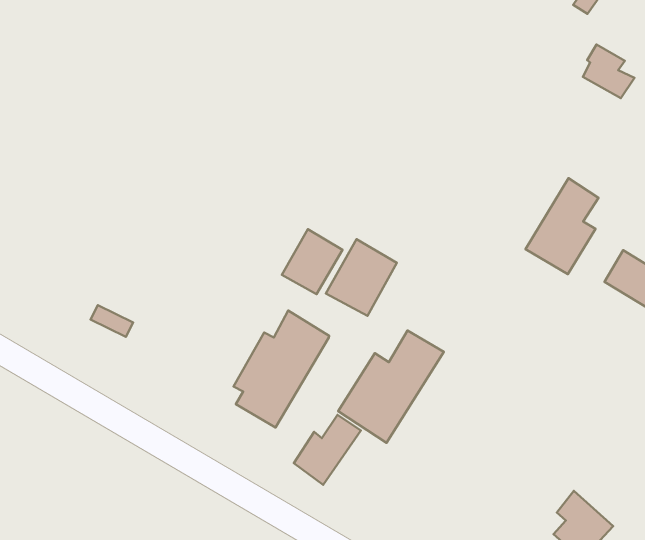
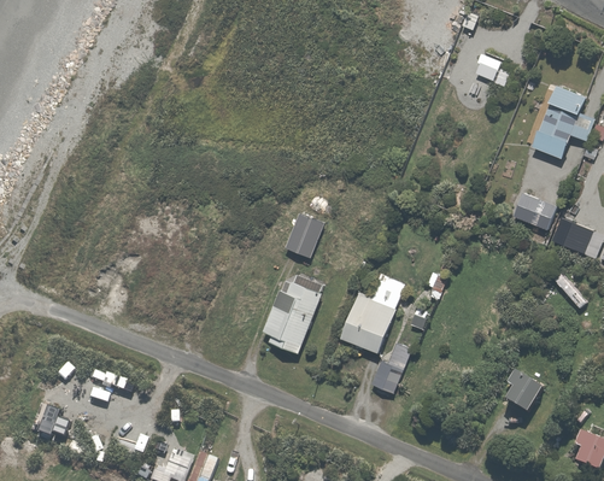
building: [525,178,598,274] -> none
building: [326,239,397,316] -> none
building: [294,415,361,485] -> [369,344,412,394]

